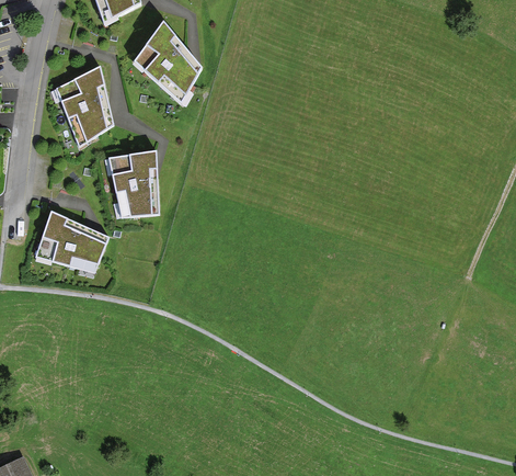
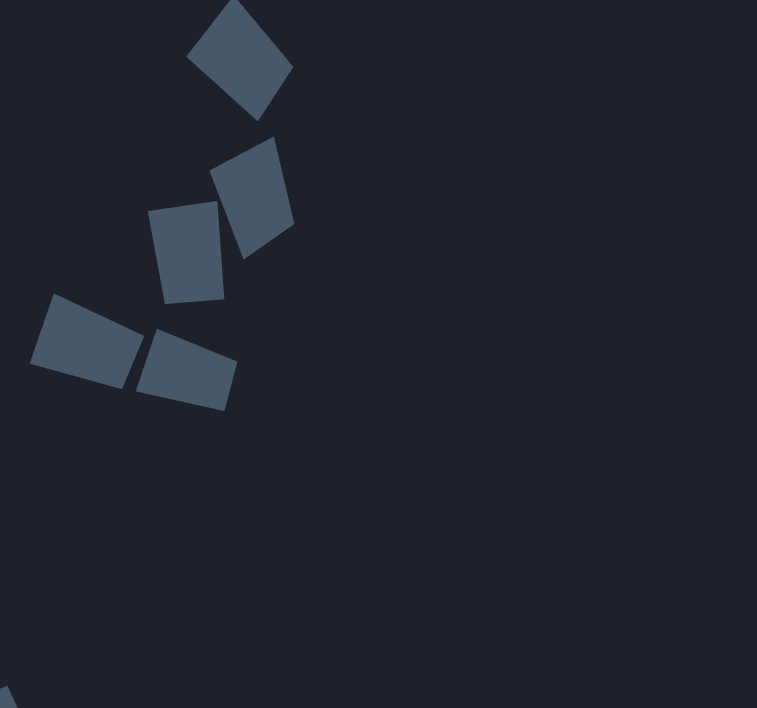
building: [57,67,112,146] -> [208,136,295,261]
building: none -> [135,328,238,412]

